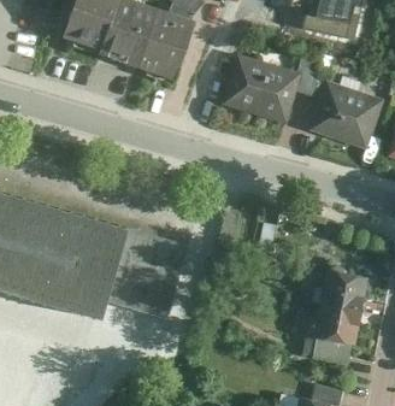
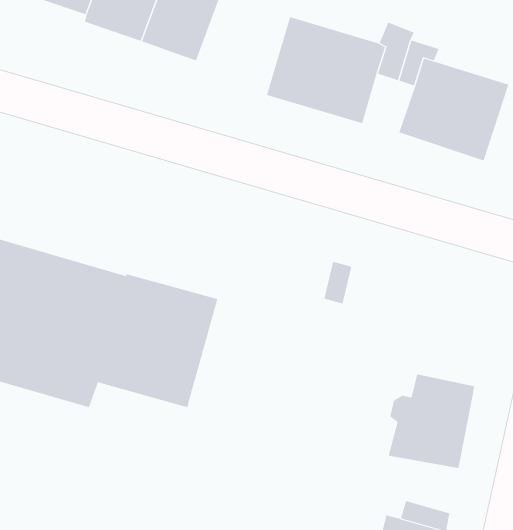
building: [320,259,367,302] -> none

